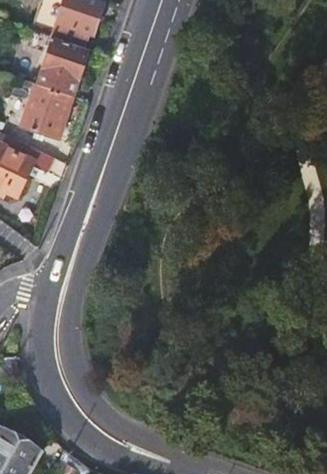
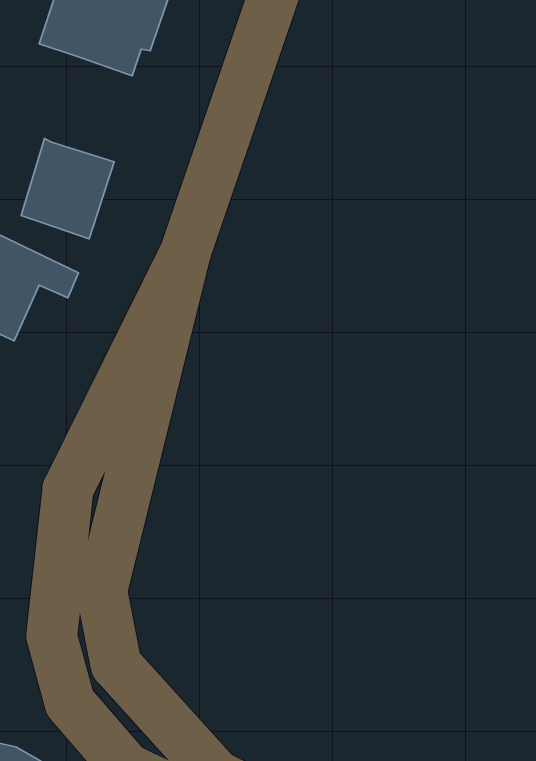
building: [37,41,86,100] -> none

